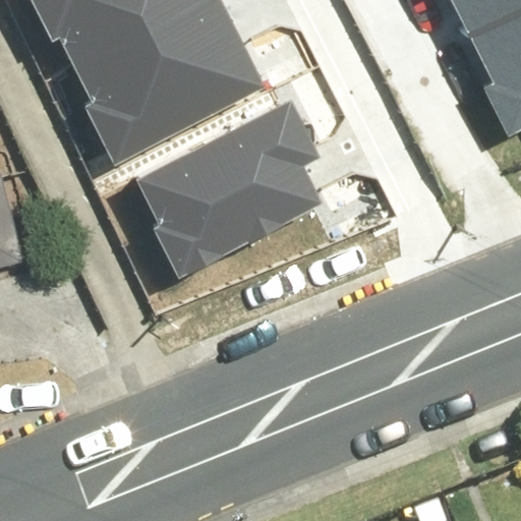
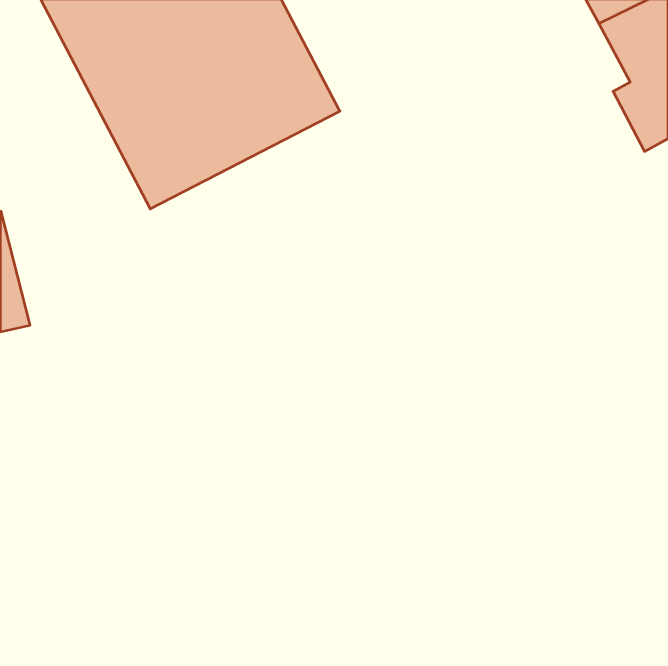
building: [132,107,325,277] -> none

